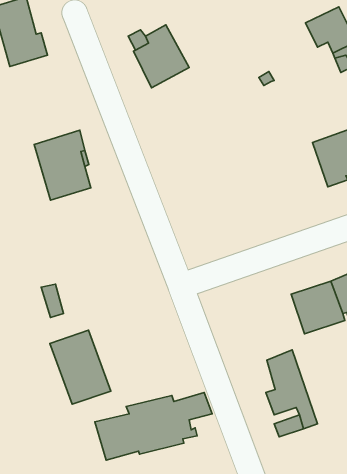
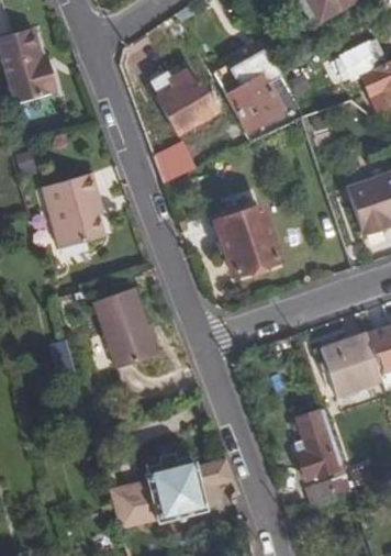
building: none -> [213,49,290,132]
building: none -> [154,143,199,184]
building: none -> [215,209,277,274]
building: [50,330,111,404] -> [92,287,158,367]

